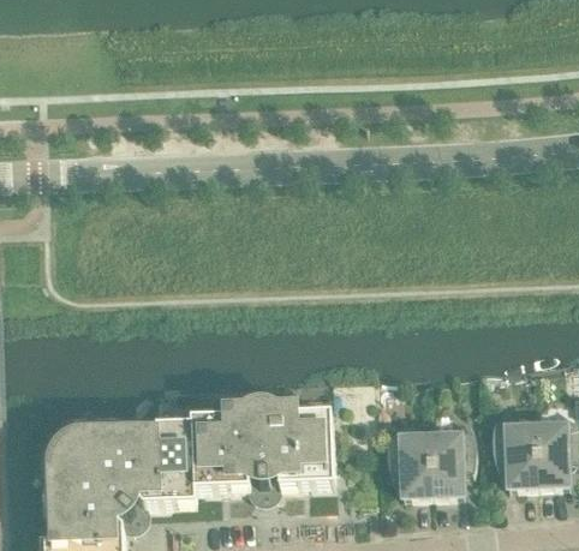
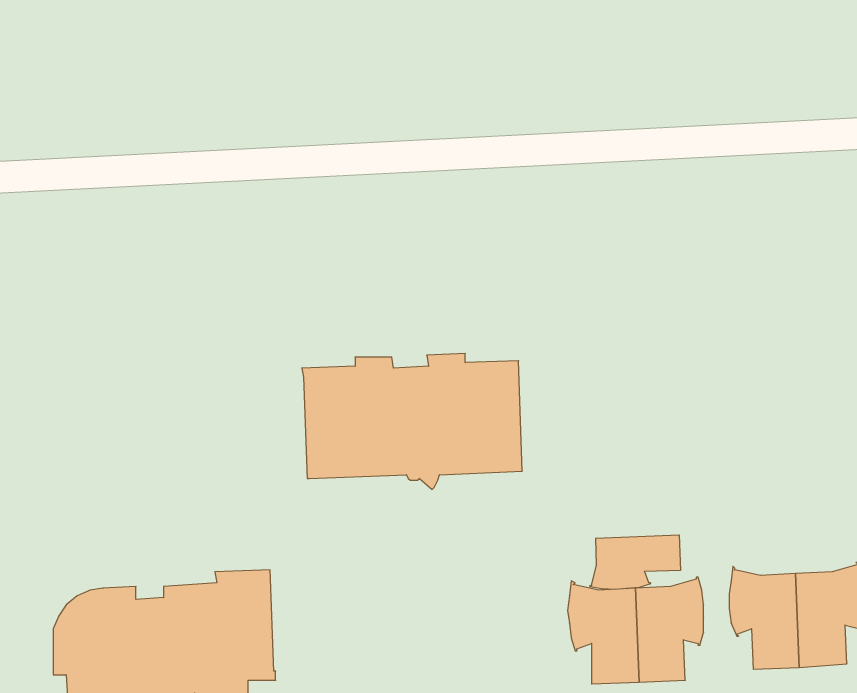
building: none -> [590,535,680,589]
building: [190,403,334,492] -> [302,353,522,489]

